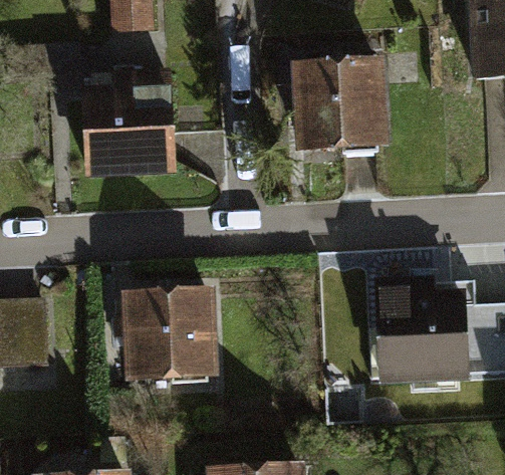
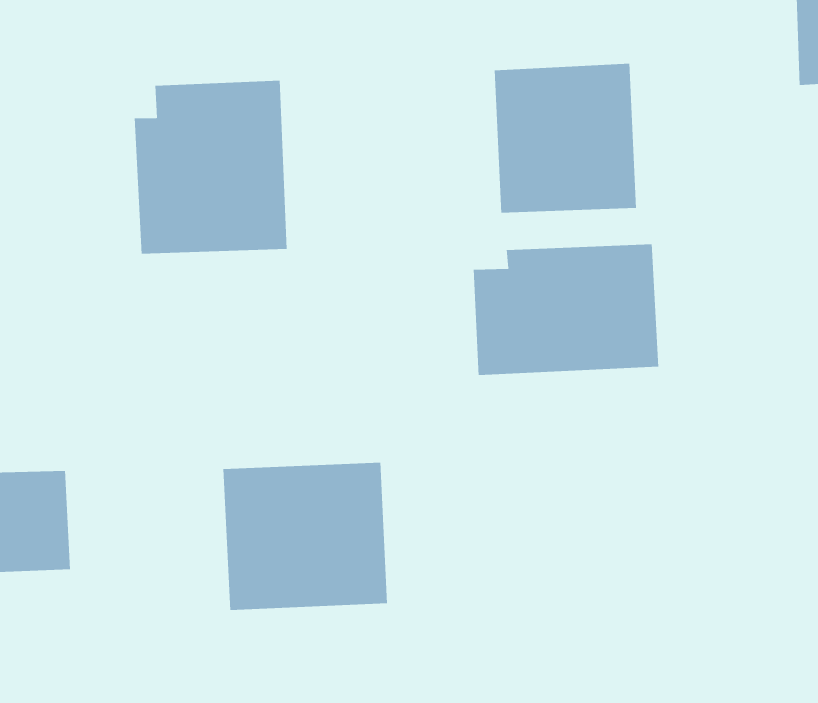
building: none -> [473,244,659,376]
building: [382,283,474,383] -> none

